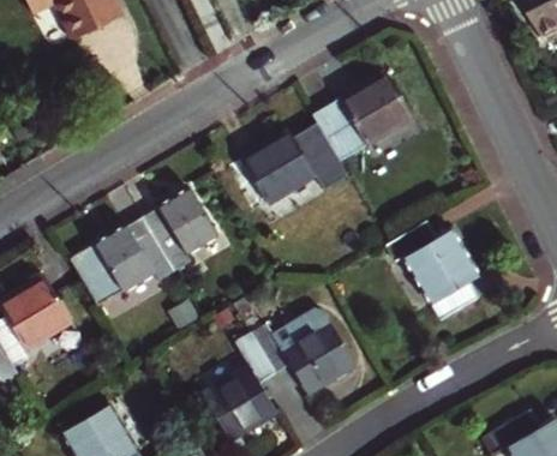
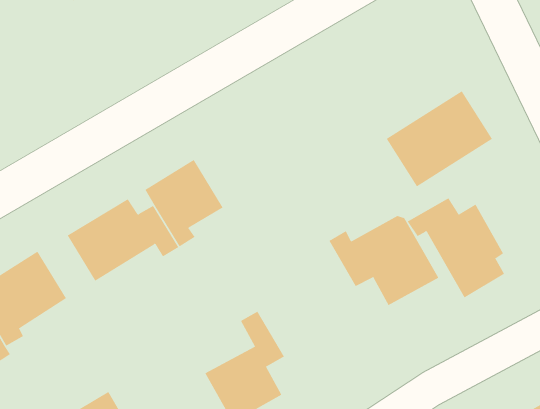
building: [312,72,413,163] -> [386,90,493,187]
building: [242,132,317,205] -> none
building: [248,308,353,394] -> [328,215,439,306]

